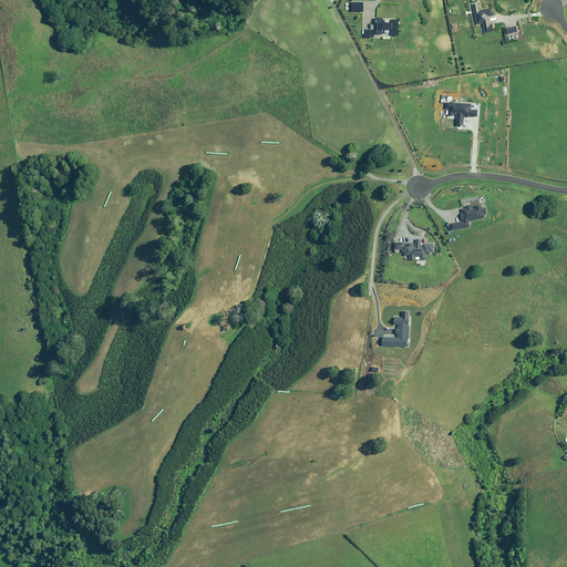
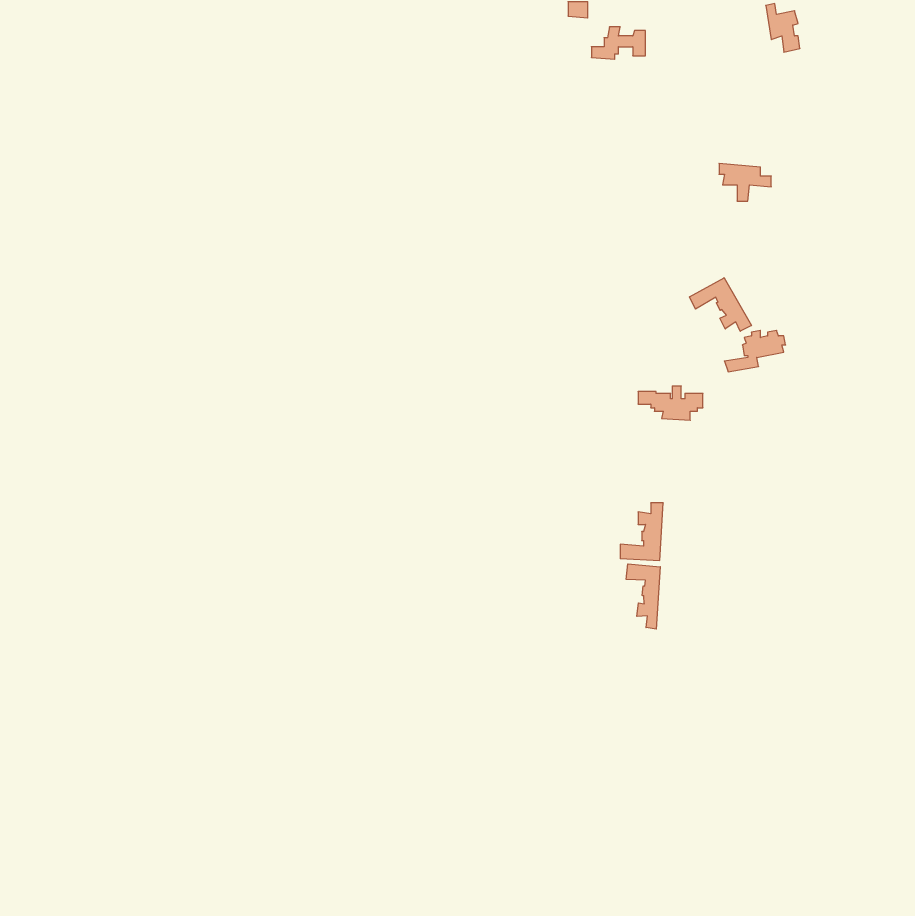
building: none -> [690,278,751,331]
building: none -> [626,564,660,629]

